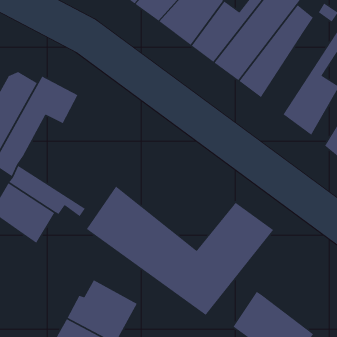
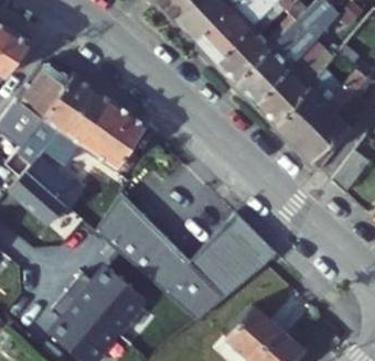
building: none -> [278,63,345,139]
building: none -> [45,99,147,173]

